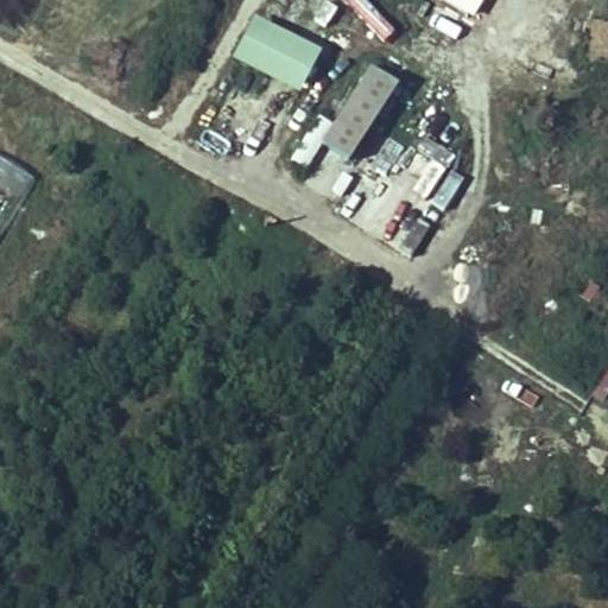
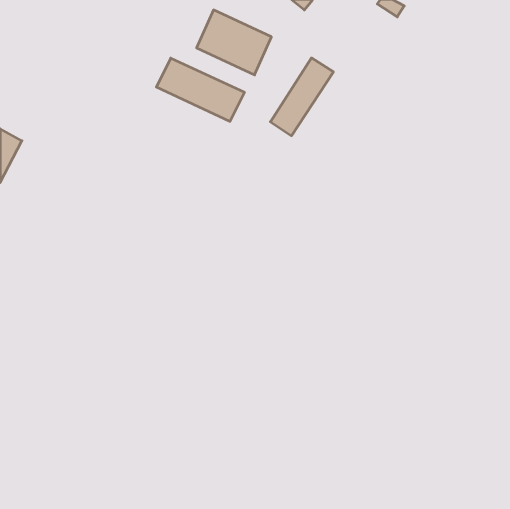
building: none -> [156,58,244,121]

